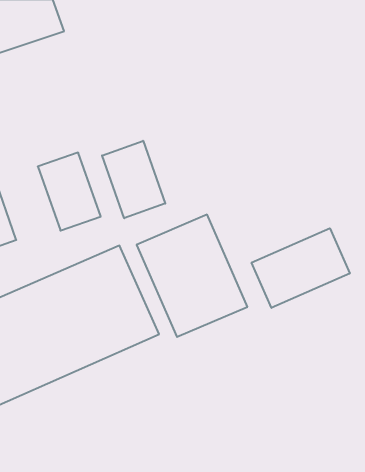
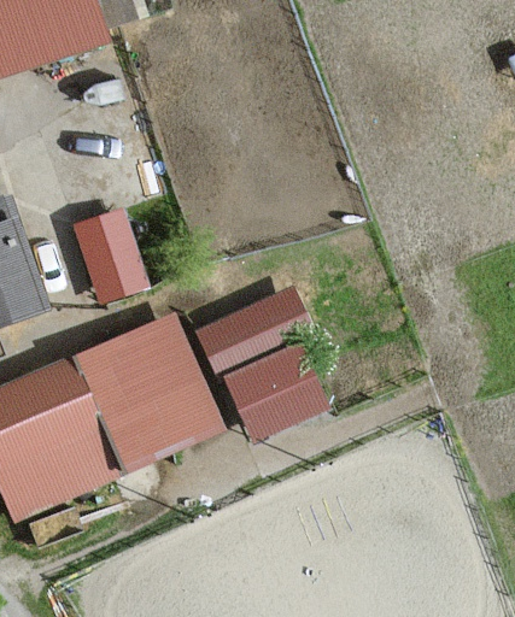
building: [102,141,165,218] -> none
building: [252,228,350,308] -> none

